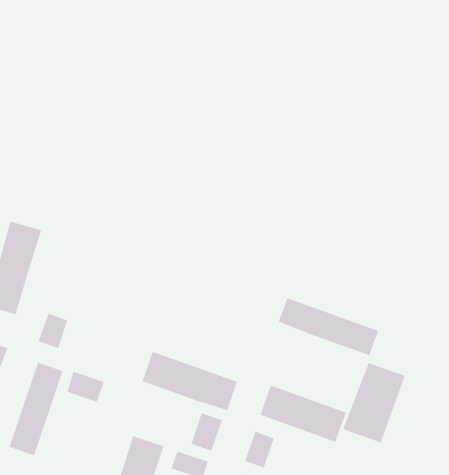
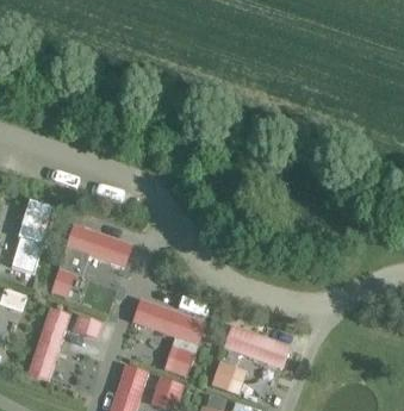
building: none -> [66,224,132,268]
building: [277,297,379,356] -> none
building: [342,362,406,444] -> none

